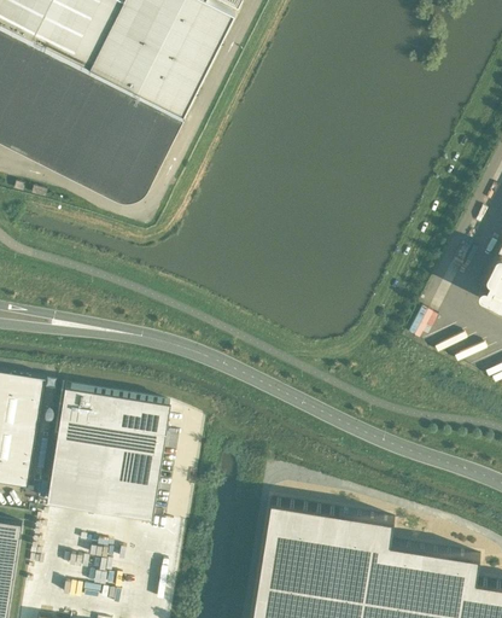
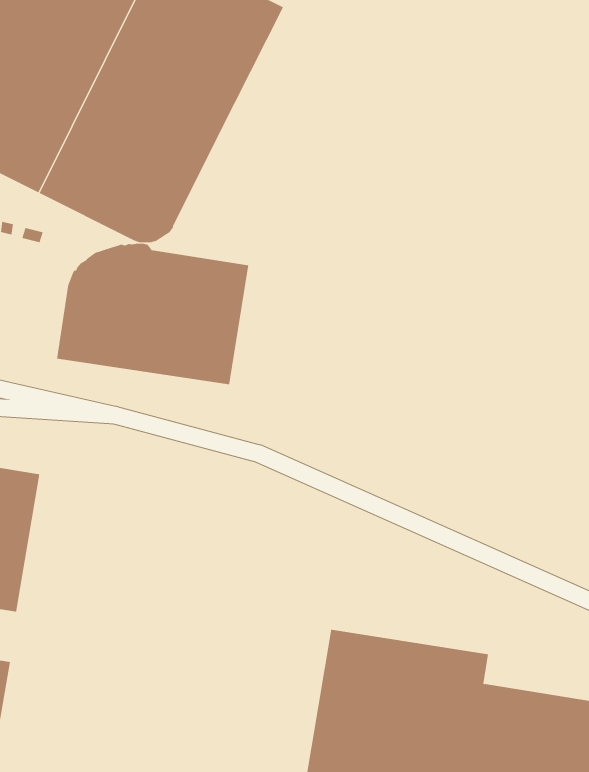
building: none -> [57,243,249,385]
building: [48,390,171,521] -> none

